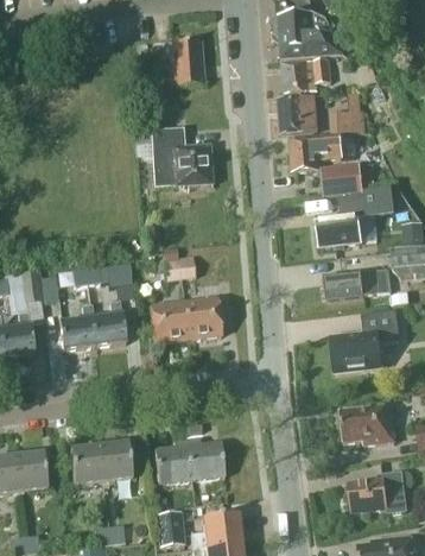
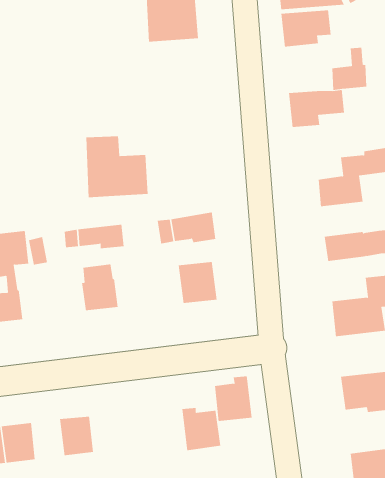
building: [279,94,317,133] -> none
building: [152,127,213,187] -> [85,136,149,198]
building: [322,162,364,196] -> none
building: [151,302,189,343] -> none
building: [59,304,95,350] -> none
building: [156,440,192,484] -> [214,376,252,422]
building: [100,443,133,481] -> none

